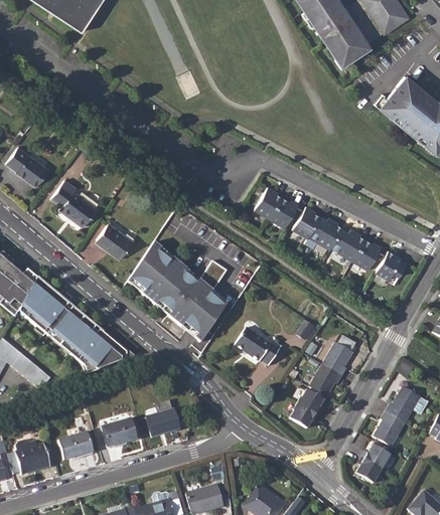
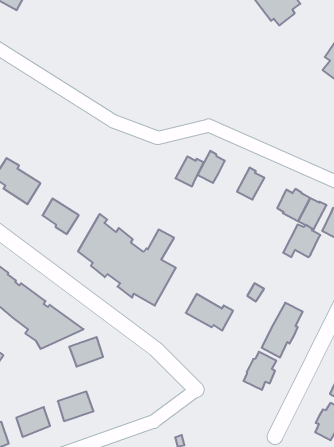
building: [270,197,299,227] -> [175,156,204,186]
building: [305,216,343,249] -> [283,224,320,257]
building: [146,408,179,437] -> [69,337,103,367]

